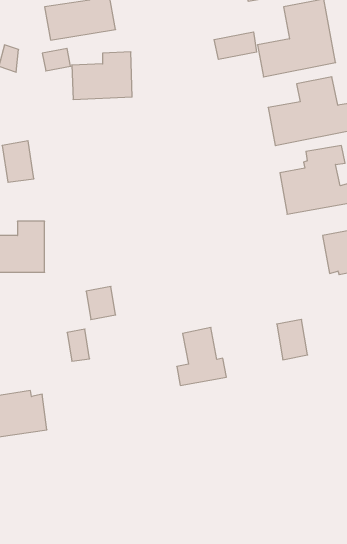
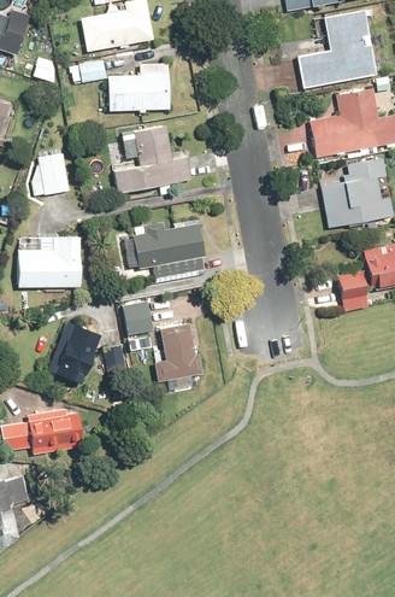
building: [214,32,257,59] -> none
building: none -> [112,124,191,193]
building: none -> [131,221,204,282]
building: none -> [46,321,100,384]
building: [277,319,308,360] -> [336,270,367,311]
building: [177,327,226,385] -> [153,322,204,381]

